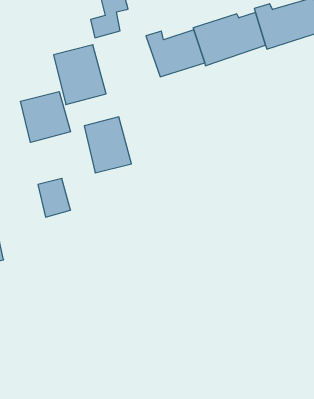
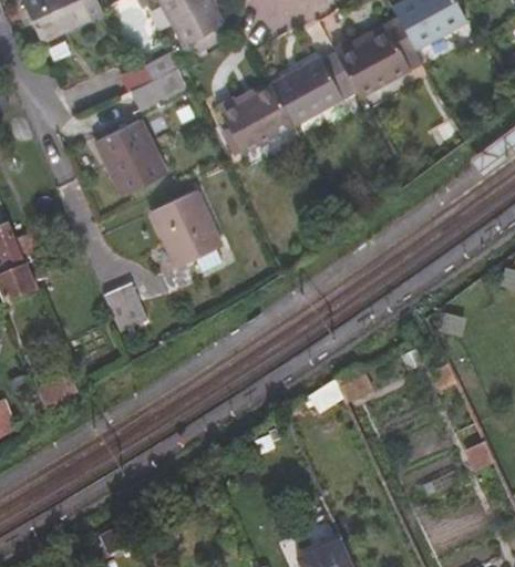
building: [21,92,70,142] -> none

